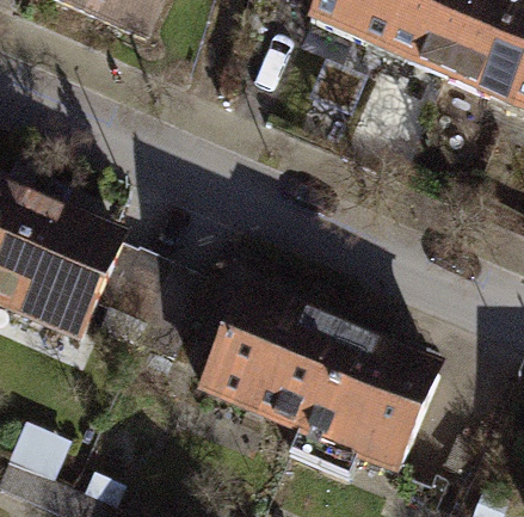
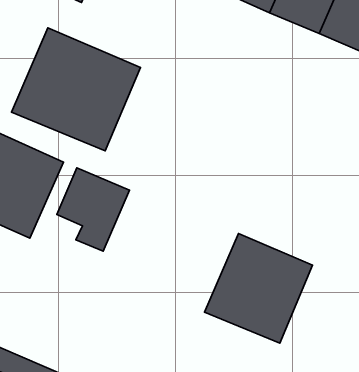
building: none -> [12,28,140,151]
building: [197,285,339,427] -> none

